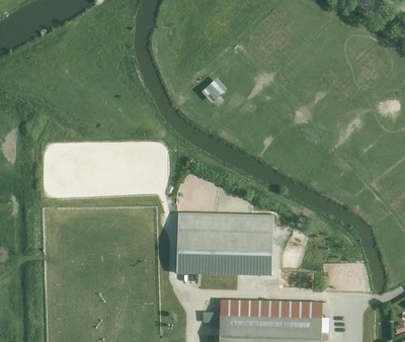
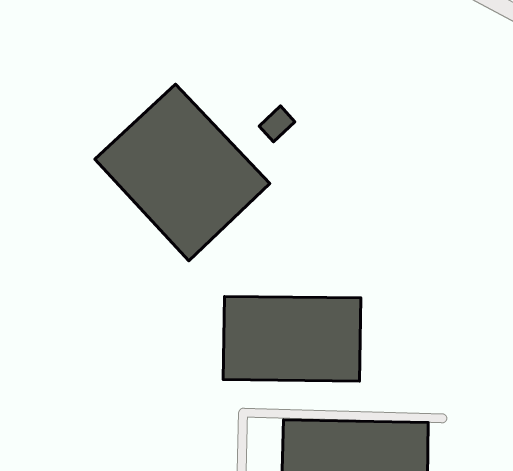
building: none -> [95,84,270,261]

